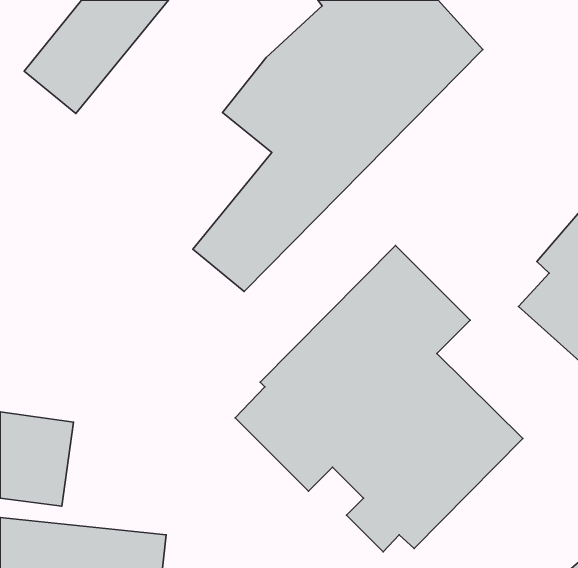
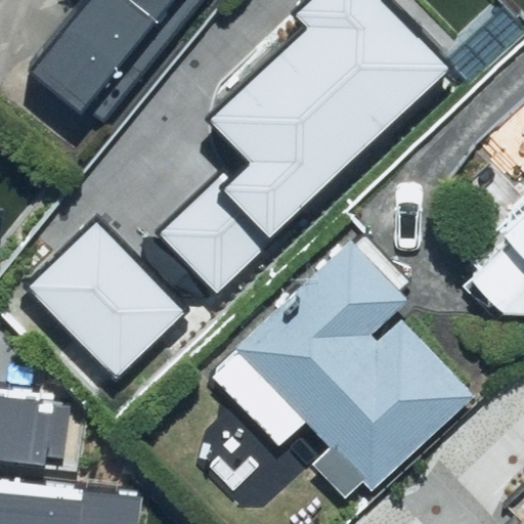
building: none -> [33,223,185,373]

